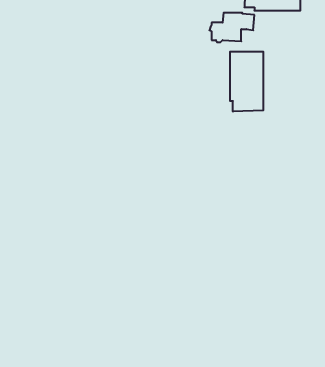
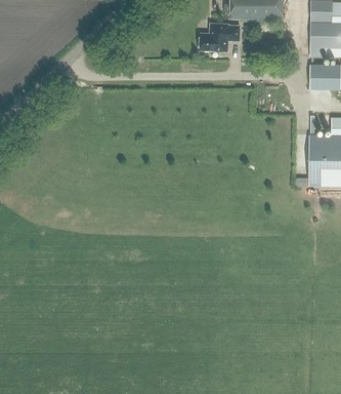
building: [230,52,263,112] -> none

